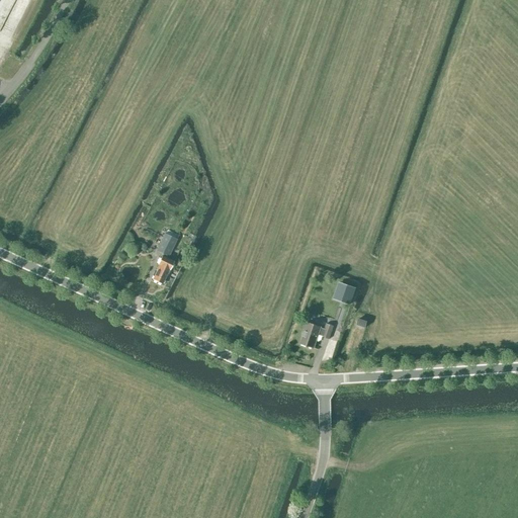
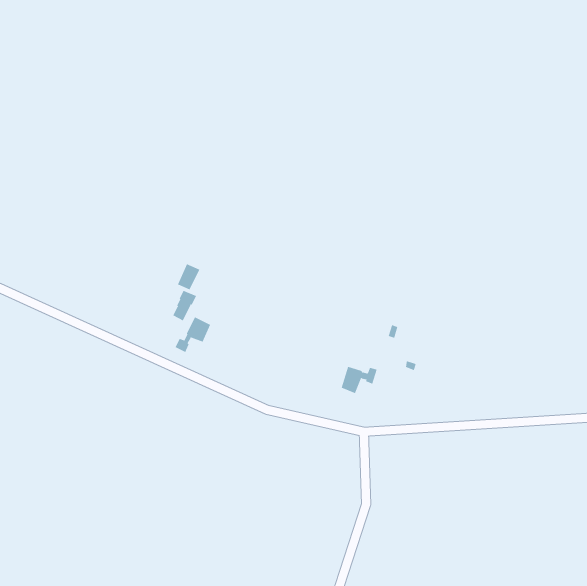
building: none -> [175,317,211,353]

